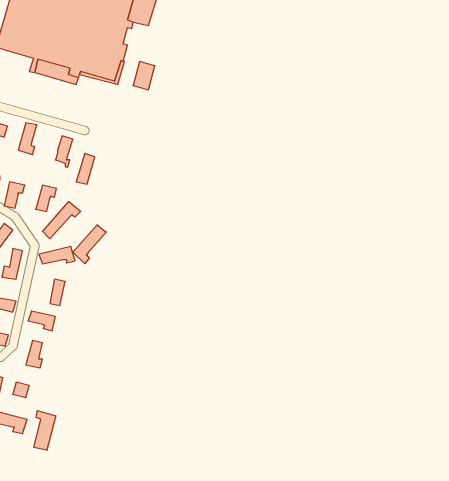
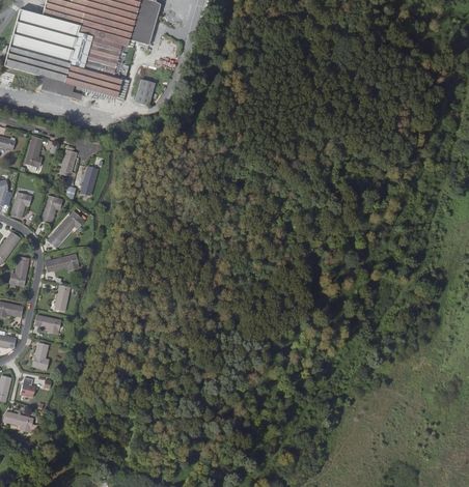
building: [73,225,106,264] -> none
building: [34,411,56,450] -> none

